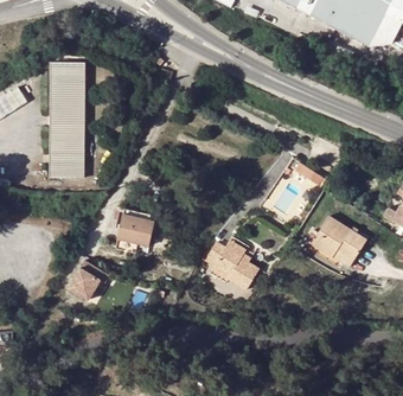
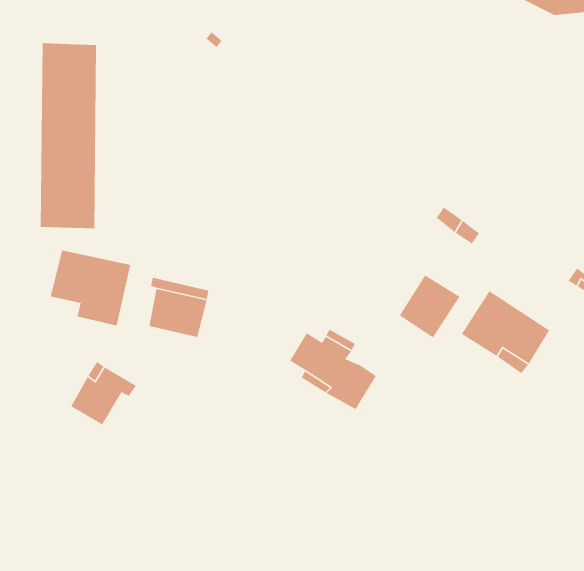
building: none -> [50,249,131,327]
building: none -> [399,275,461,339]

